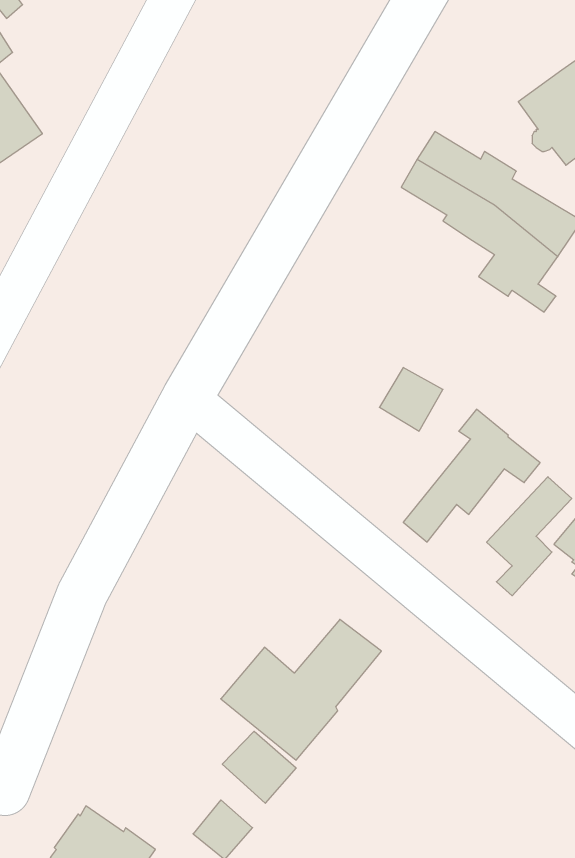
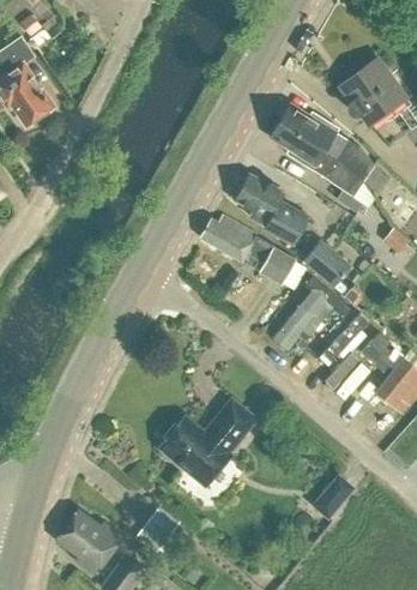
building: none -> [234,174,309,247]
building: none -> [201,217,256,261]
building: none -> [303,240,353,288]
building: [222,731,296,803] -> none
building: none -> [314,475,355,518]

